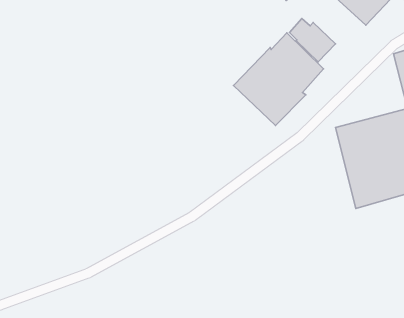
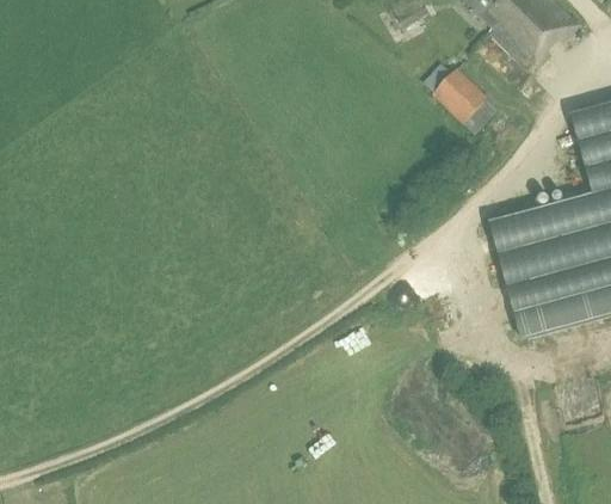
building: [233,33,324,125] -> none

